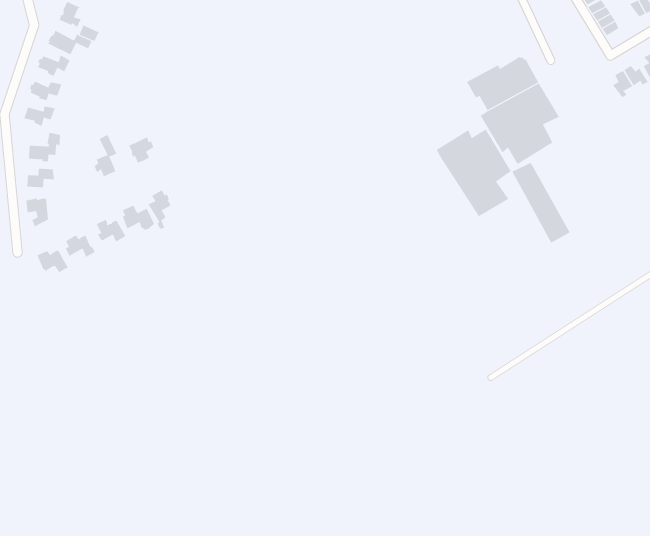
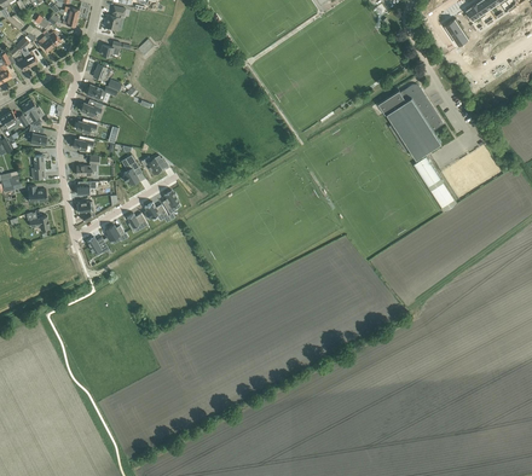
building: [436,128,511,217] -> none

